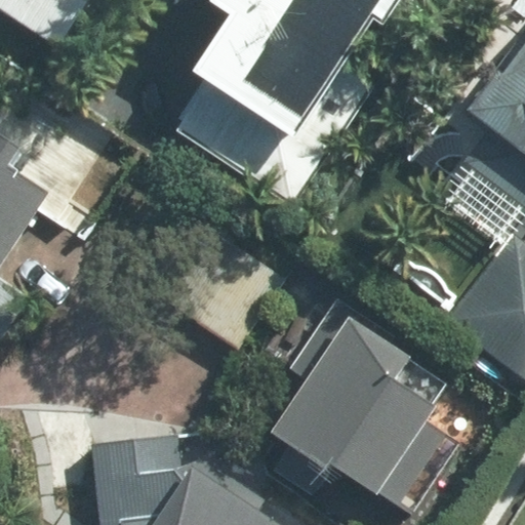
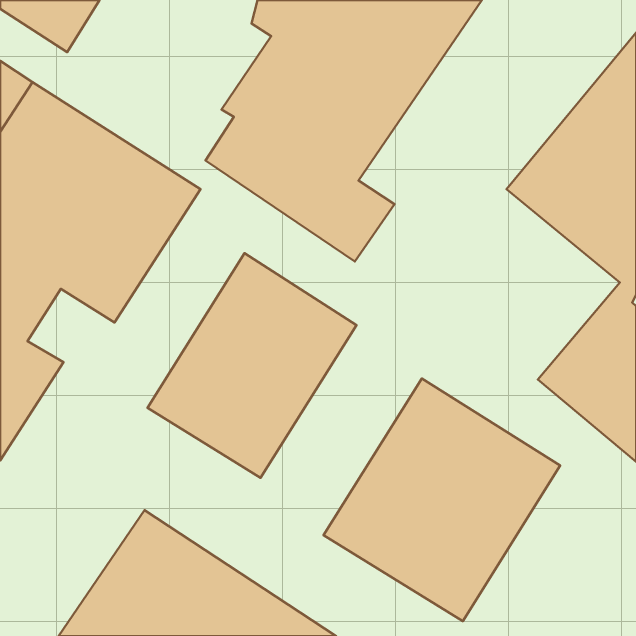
building: none -> [148,253,357,478]

